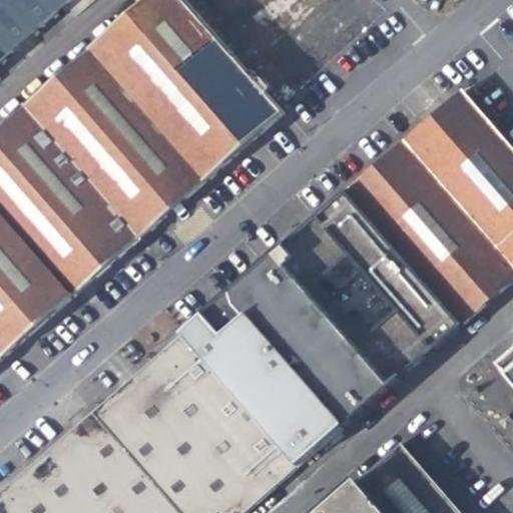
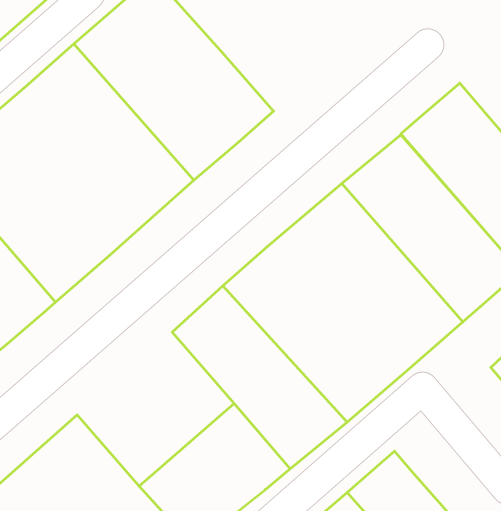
building: [93,328,245,477] -> none

